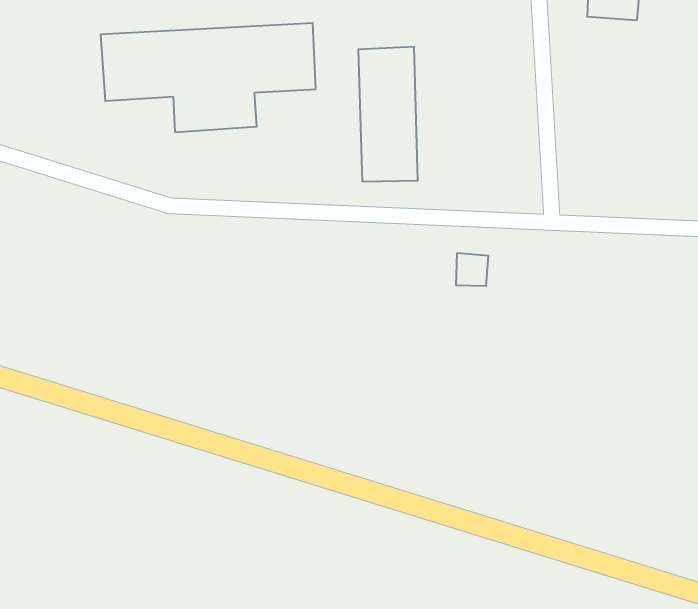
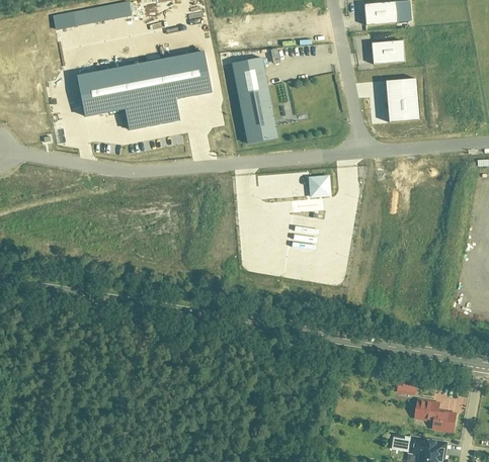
building: none -> [373,41,407,63]
building: none -> [384,79,419,122]

